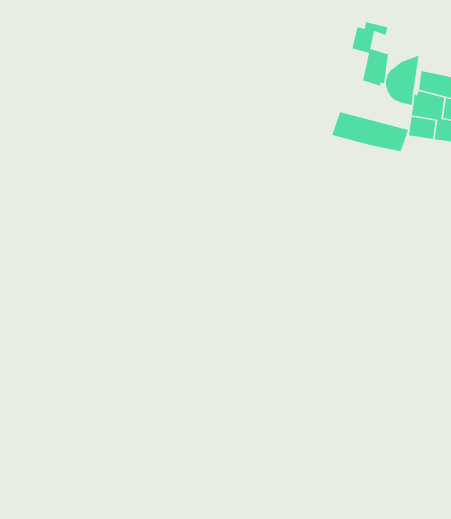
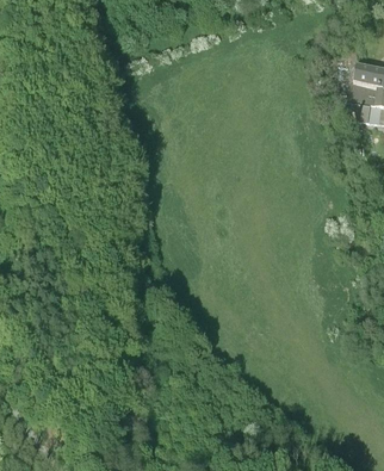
building: [351,21,389,87] -> none
building: [331,111,409,152] -> none

